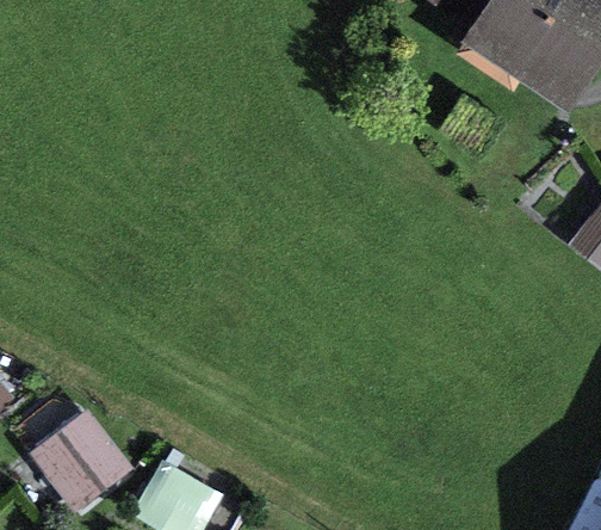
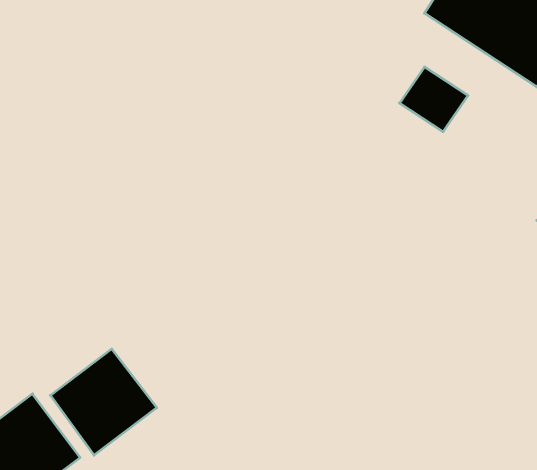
building: none -> [50,349,157,455]

